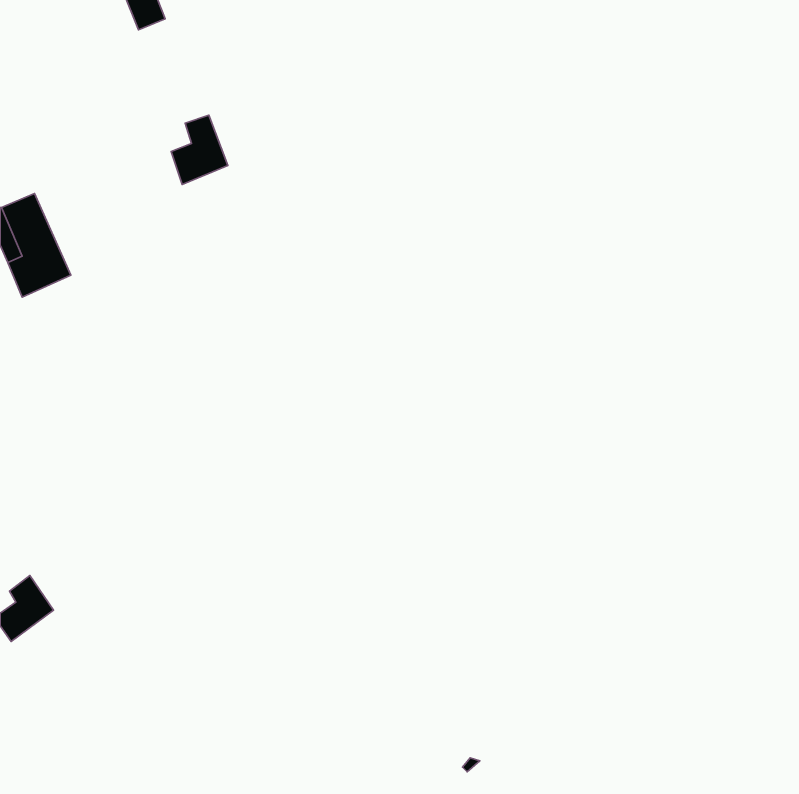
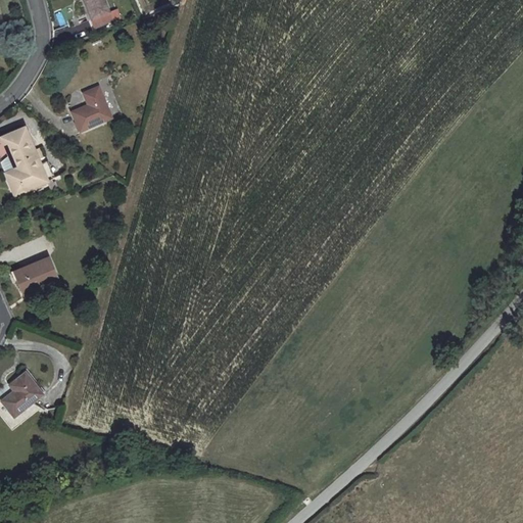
building: [171,115,228,184] -> [74,85,110,130]
building: none -> [15,257,55,292]

